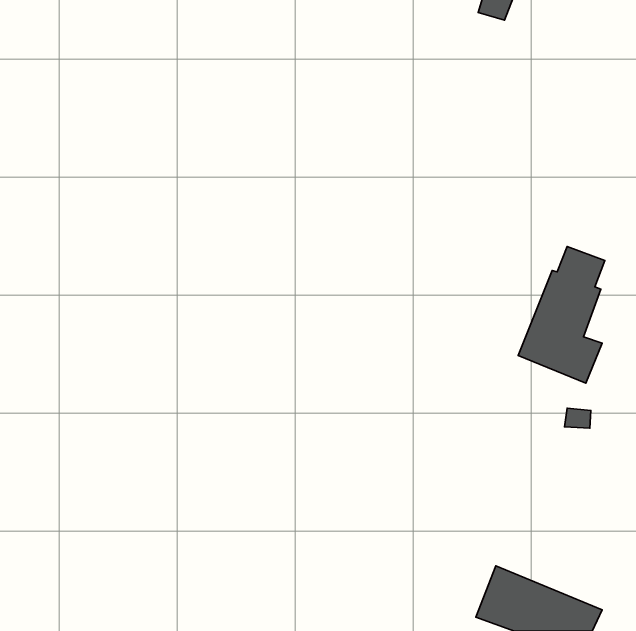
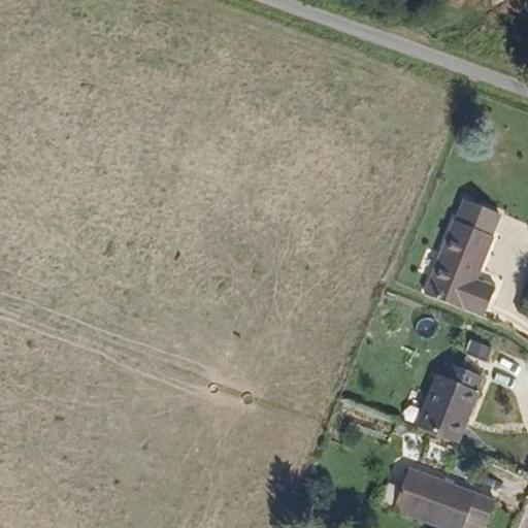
building: none -> [414,363,483,442]

